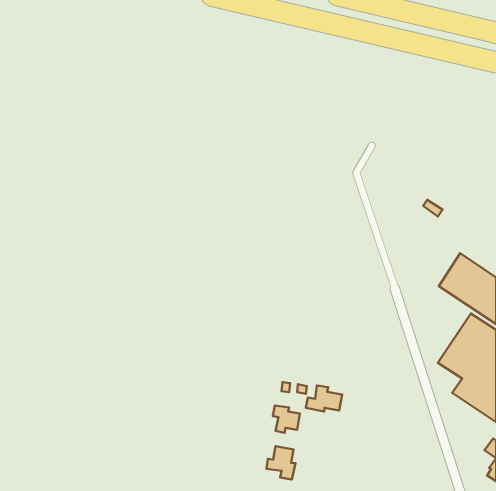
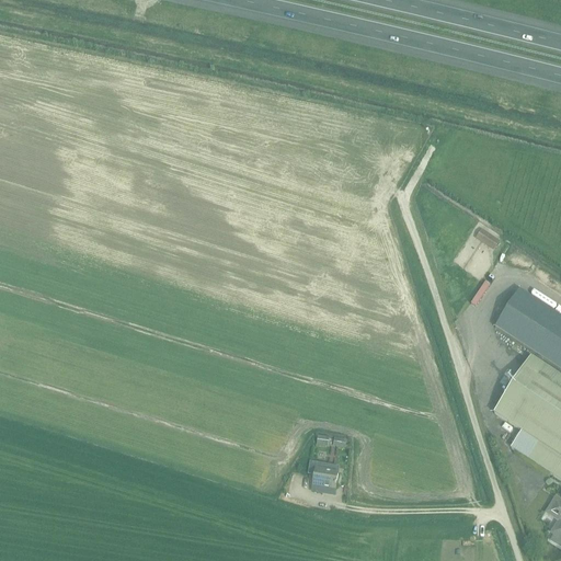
building: [306,385,342,412] -> none
building: [266,446,295,480] -> none

